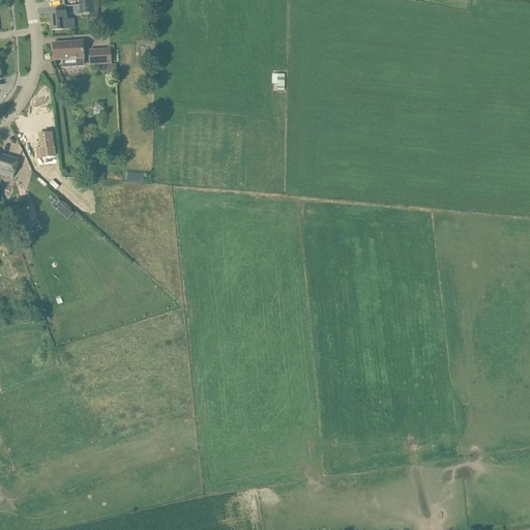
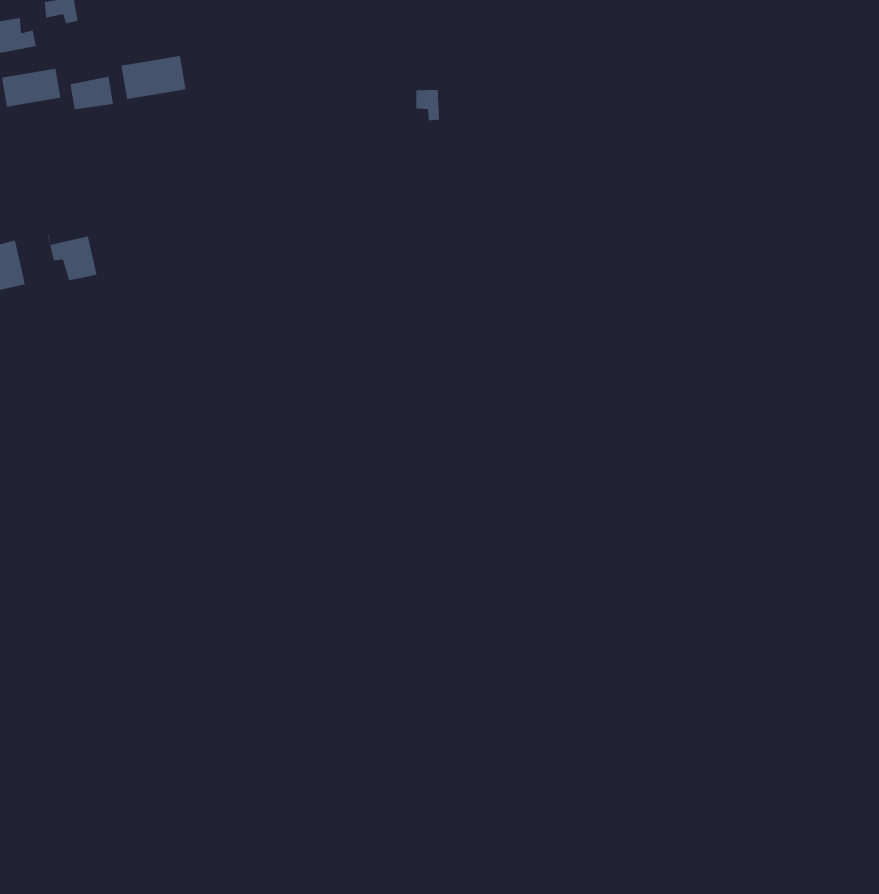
building: none -> [121,55,186,100]
building: none -> [47,234,97,281]

